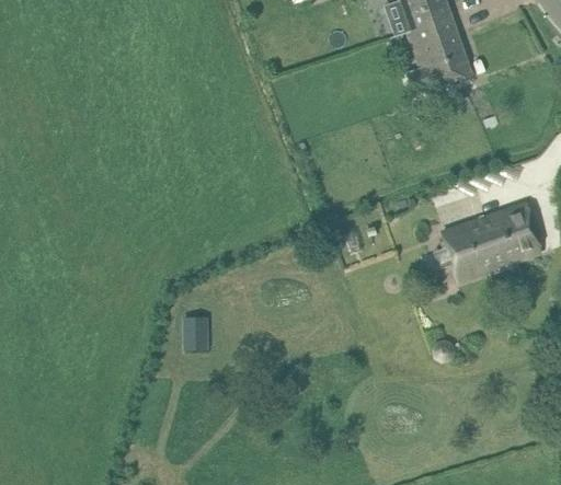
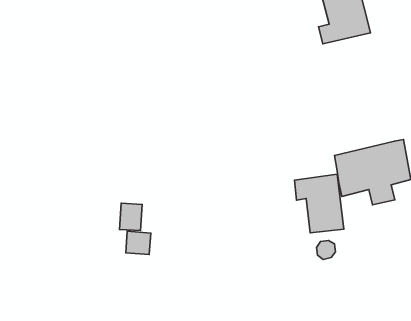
building: none -> [294,174,344,233]
building: none -> [126,231,151,254]

